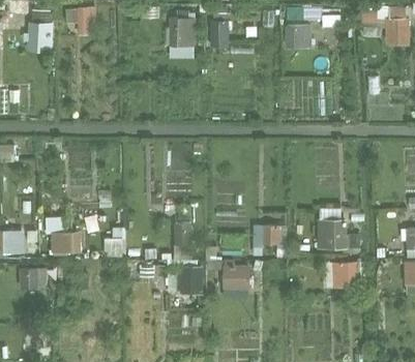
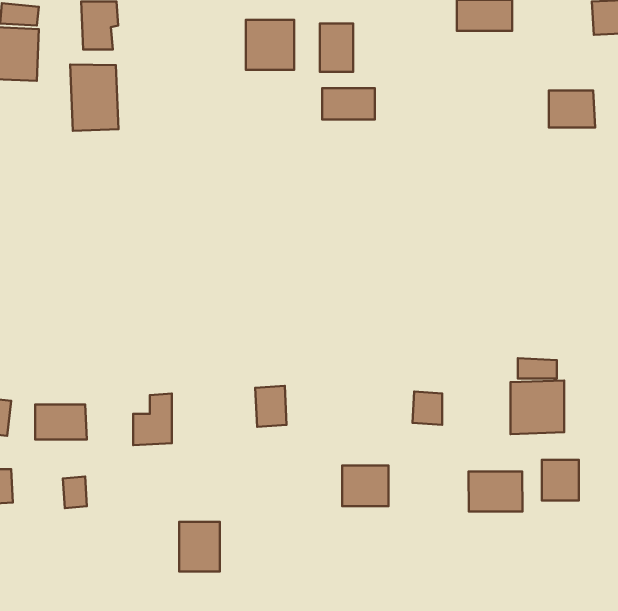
building: [286,26,312,47] -> [549,91,595,127]
building: none -> [70,64,118,131]
building: none -> [322,88,375,119]
building: [180,266,203,294] -> [179,522,220,572]
building: none -> [468,472,522,511]

